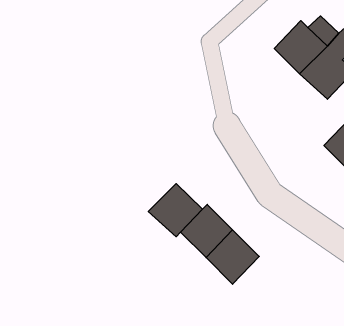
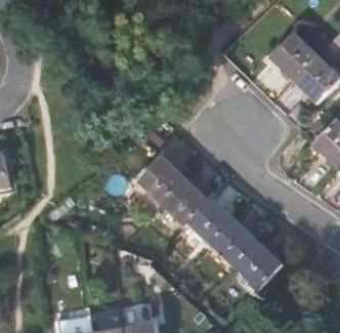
building: none -> [136,154,183,201]
building: none -> [233,241,281,288]

